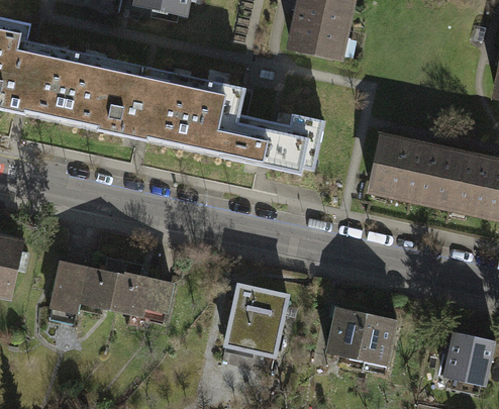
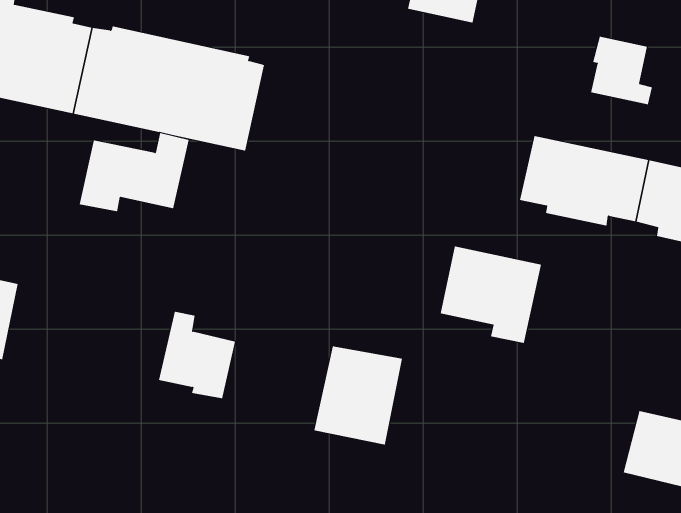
building: none -> [590,36,653,105]
building: [179,82,321,178] -> none
building: [51,257,128,312] -> [79,132,190,212]
building: [326,306,398,375] -> [440,246,542,344]

